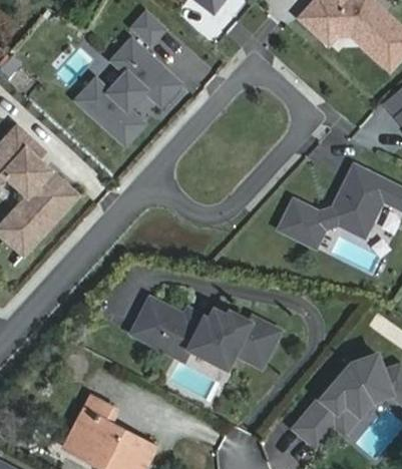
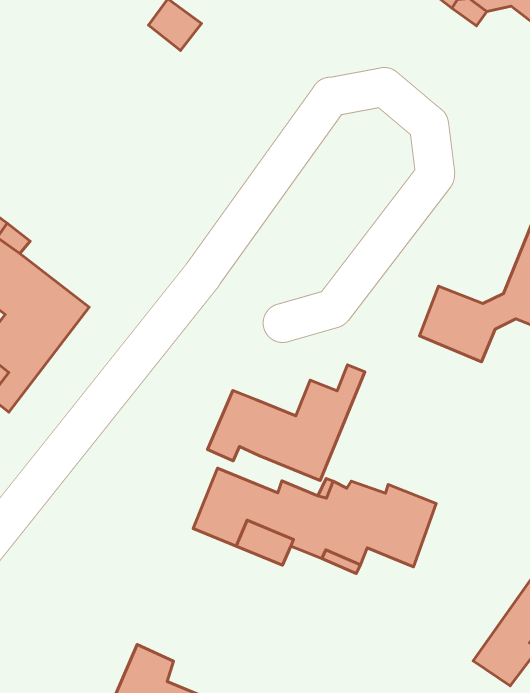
building: [75,40,178,144] -> none
building: none -> [207,365,365,481]

